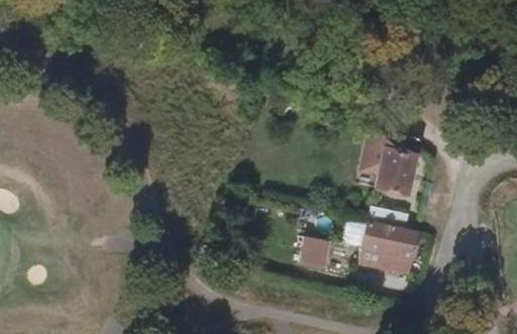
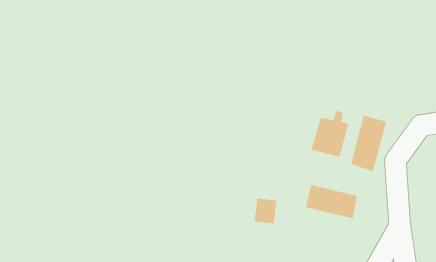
building: none -> [350,114,387,172]

